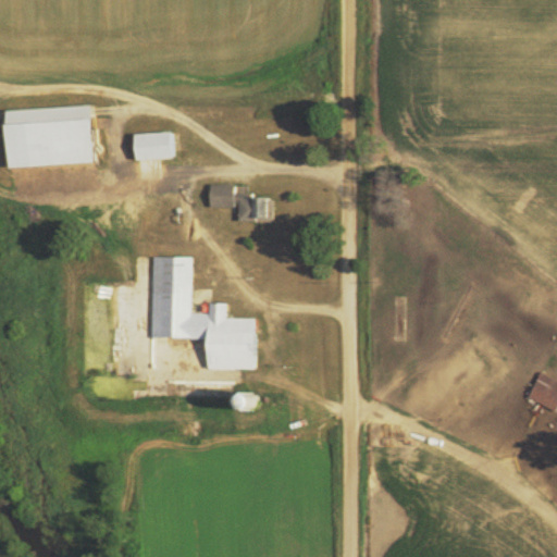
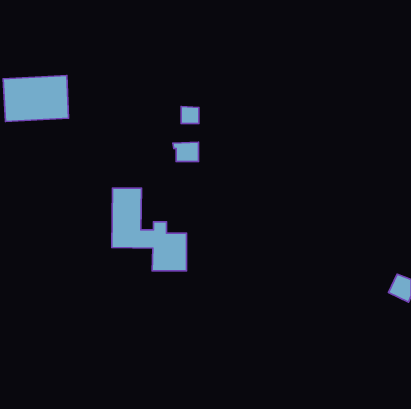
building: [134,132,172,160] -> none
building: [210,184,234,207] -> [181,107,199,123]

